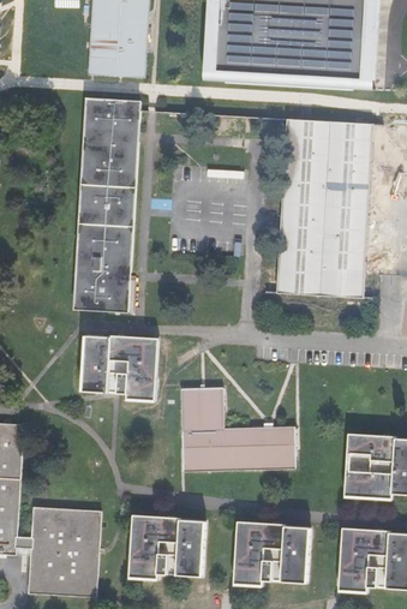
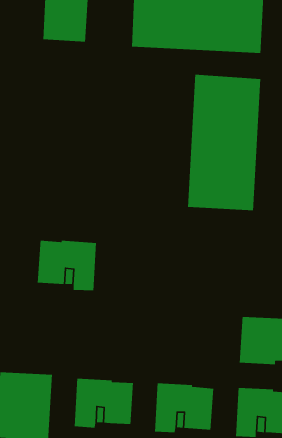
building: [74,96,139,312] -> none
building: [180,388,294,472] -> none

